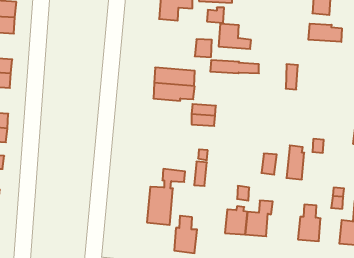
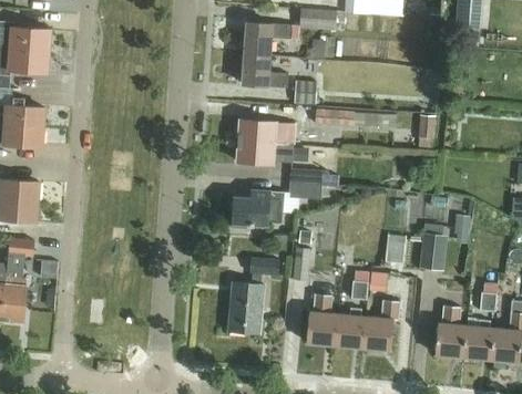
building: [308,24,342,42] -> none
building: [219,24,251,49] -> [243,53,287,87]
building: none -> [233,190,284,226]
building: none -> [463,320,494,360]
building: [174,216,197,253] -> [307,294,338,345]

